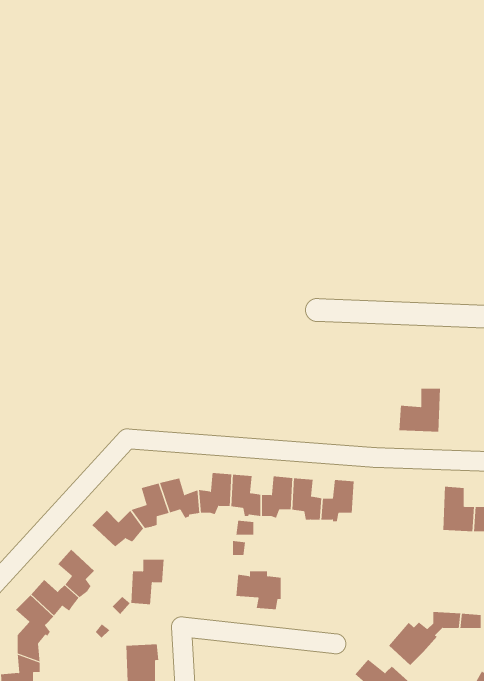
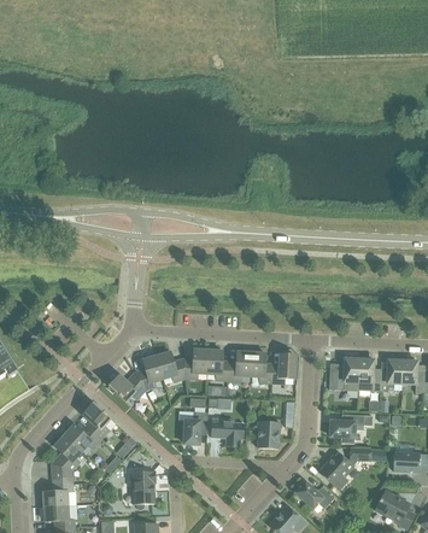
building: [398,388,441,432] -> [328,357,358,388]
building: [130,559,164,605] -> [183,410,207,443]
building: none -> [329,412,371,441]
building: none -> [257,420,279,447]

